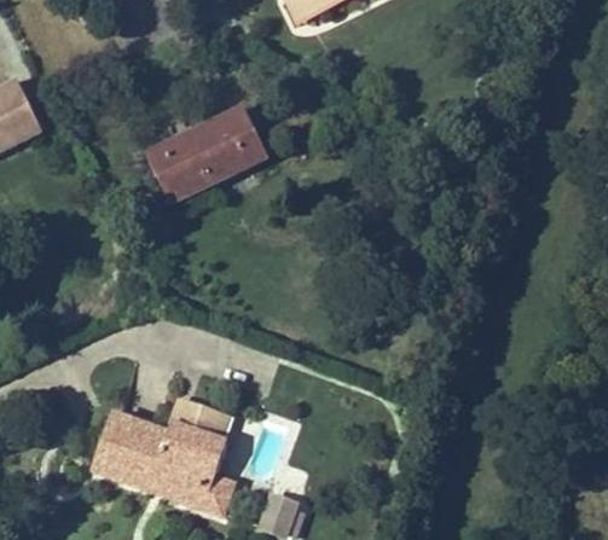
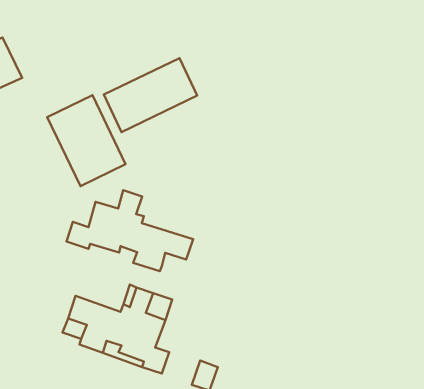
building: none -> [47,95,126,186]
building: none -> [67,190,193,271]

